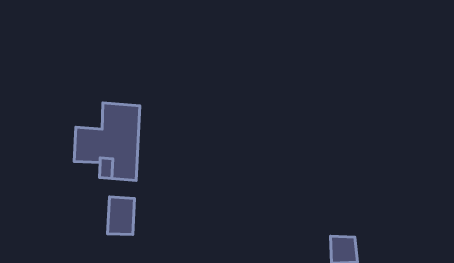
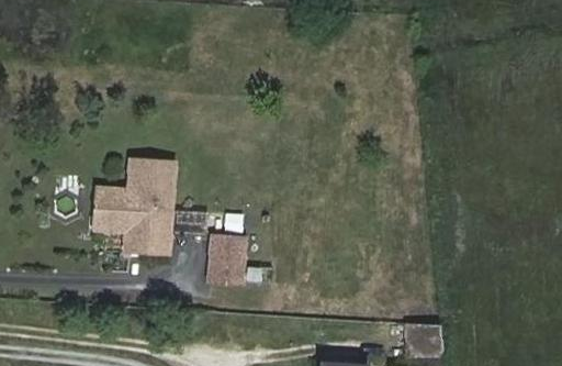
building: [108,197,135,235] -> [211,235,244,281]

